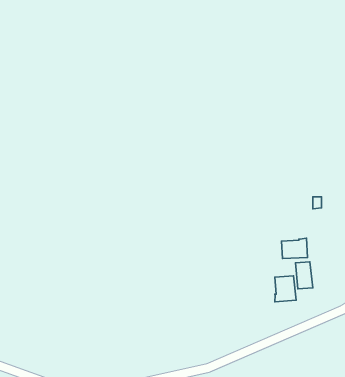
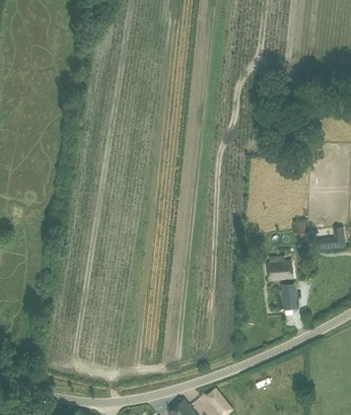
building: [275,276,296,302] -> none

